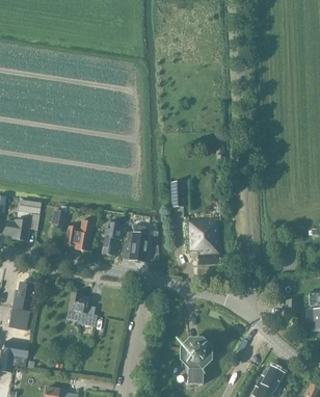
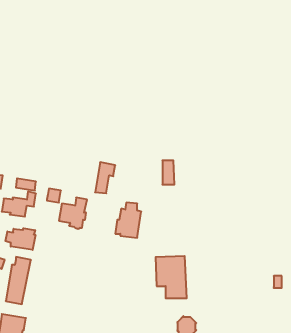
building: [188,219,220,263] -> [156,256,187,298]
building: [102,221,123,254] -> [95,162,115,193]
building: none -> [5,228,35,250]
building: [69,292,97,325] -> none

